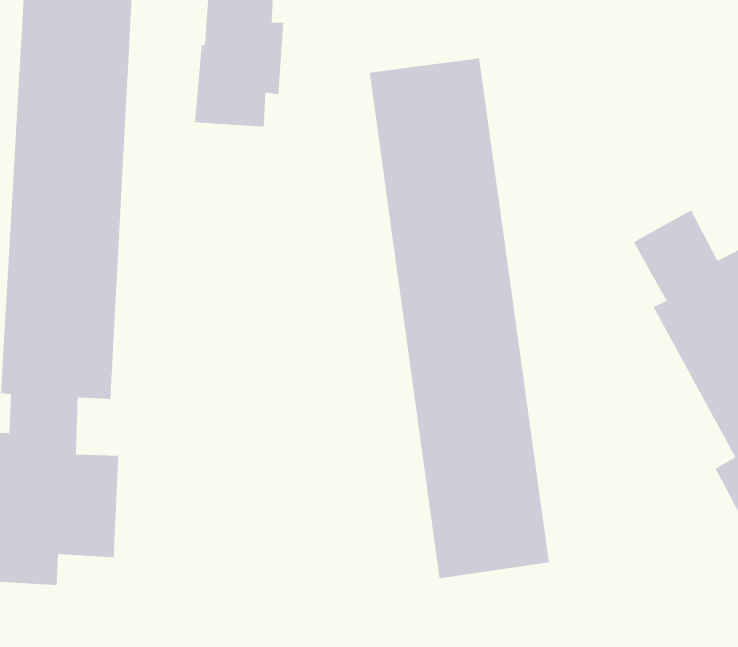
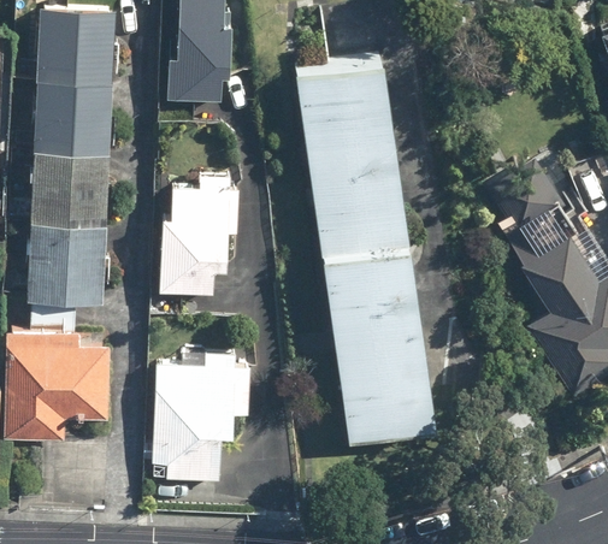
building: none -> [160,175,238,295]
building: none -> [152,353,252,479]

